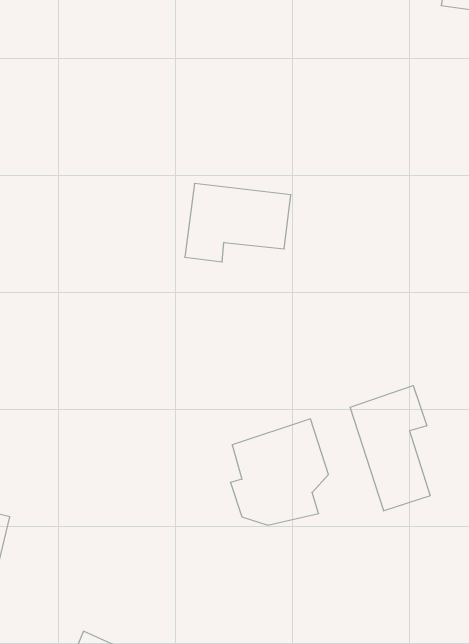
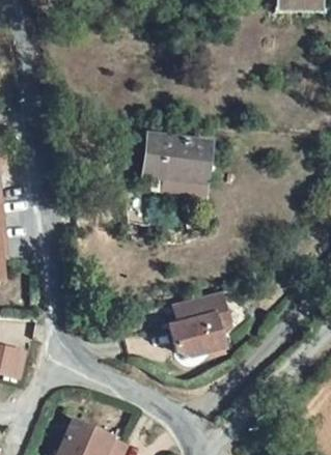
building: [350,386,430,511] -> none

